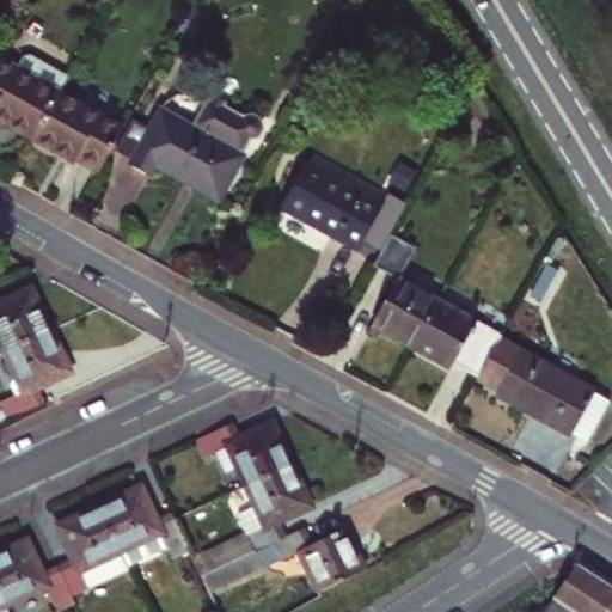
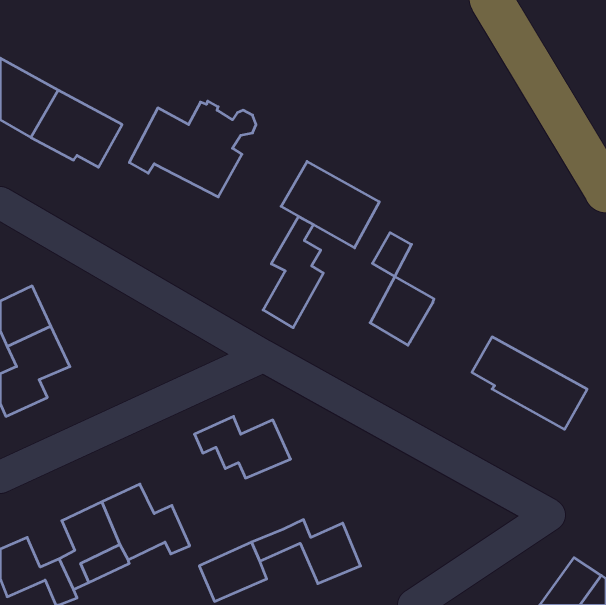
building: none -> [263,216,323,328]
building: [414,305,500,375] -> none
building: [194,463,311,570] -> none

